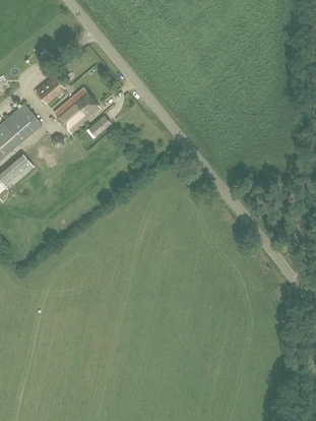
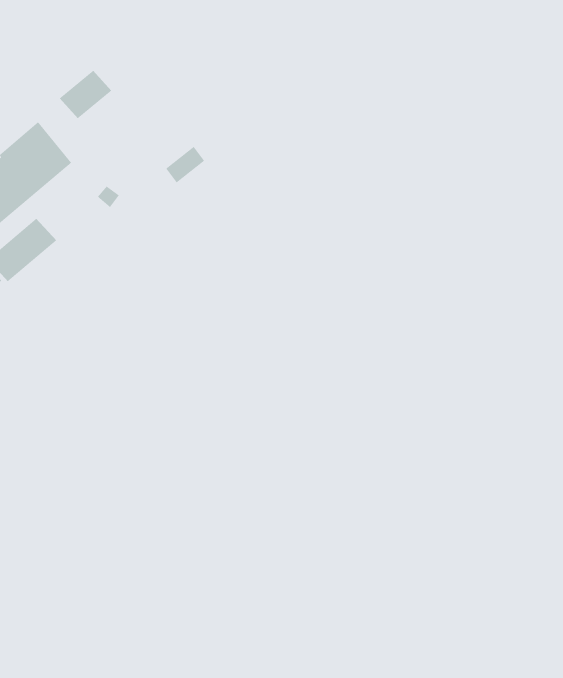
building: [54,87,100,132] -> none

